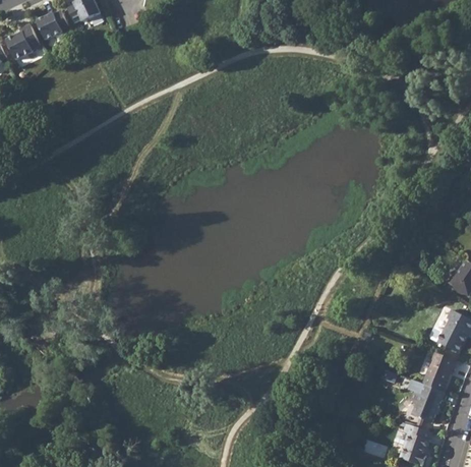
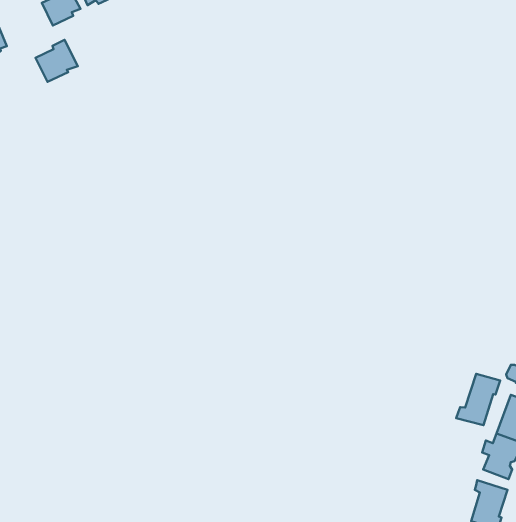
building: [6,24,42,60] -> [36,40,78,82]
building: none -> [456,374,500,425]

